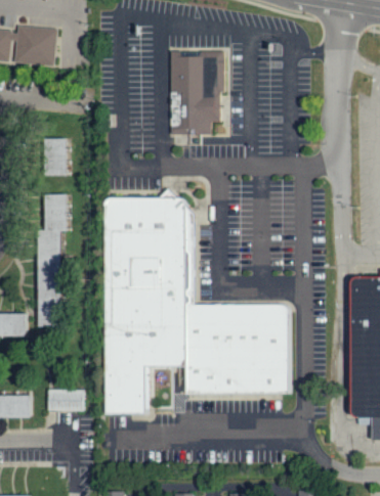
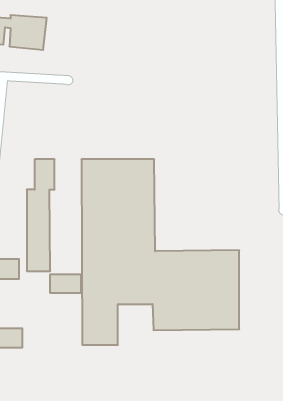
building: [168,45,227,134] -> none
building: [44,139,70,175] -> none
building: [47,390,84,411] -> [50,275,81,293]

